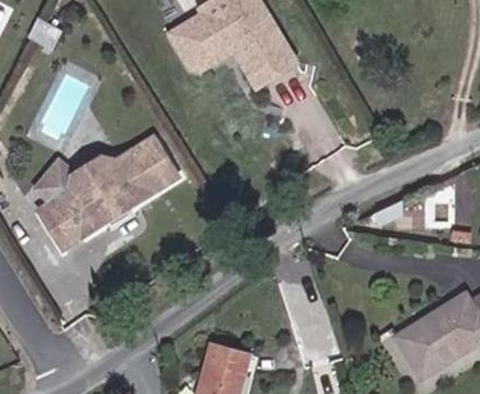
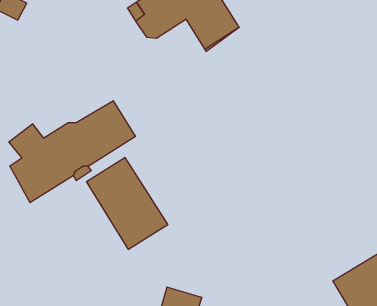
building: none -> [87,157,168,249]

